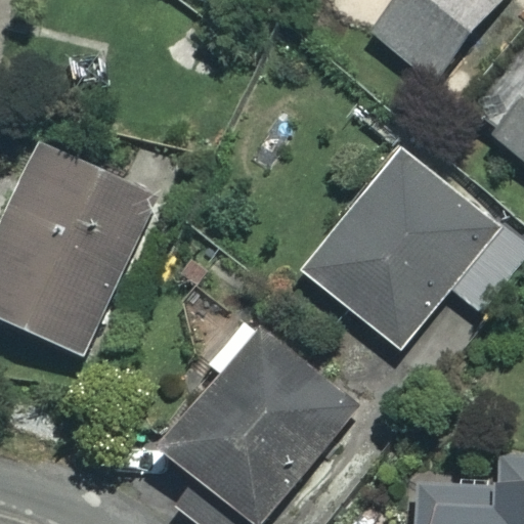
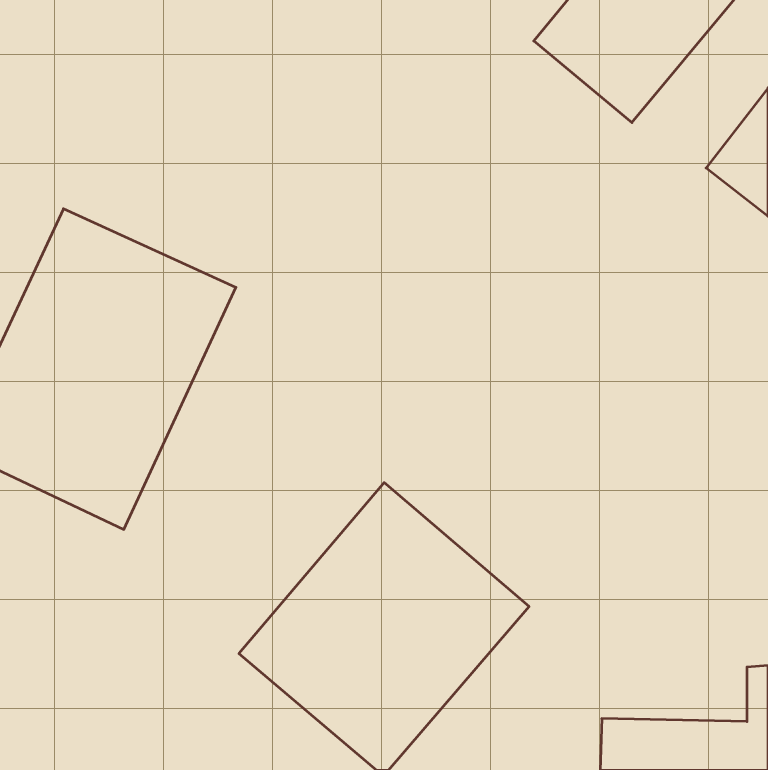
building: [302,147,501,350] -> none

